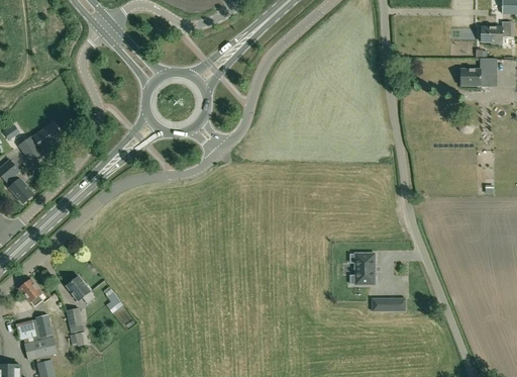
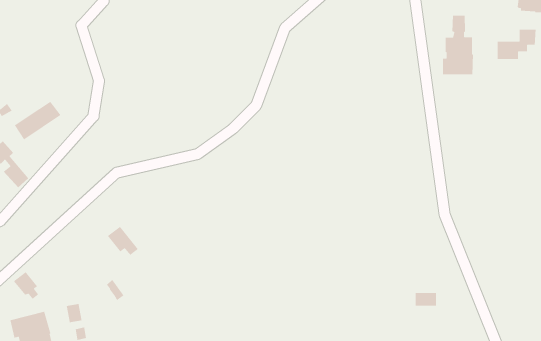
building: none -> [442,15,474,75]
building: [350,253,375,284] -> none
building: [67,276,96,303] -> [107,226,139,256]

